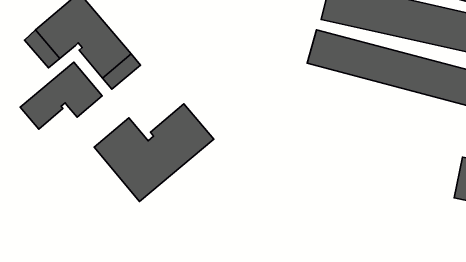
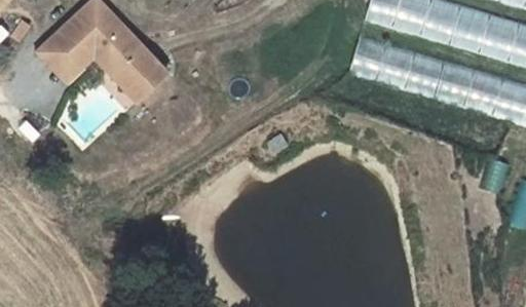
building: [20,62,102,129] -> none
building: [94,104,214,202] -> none

